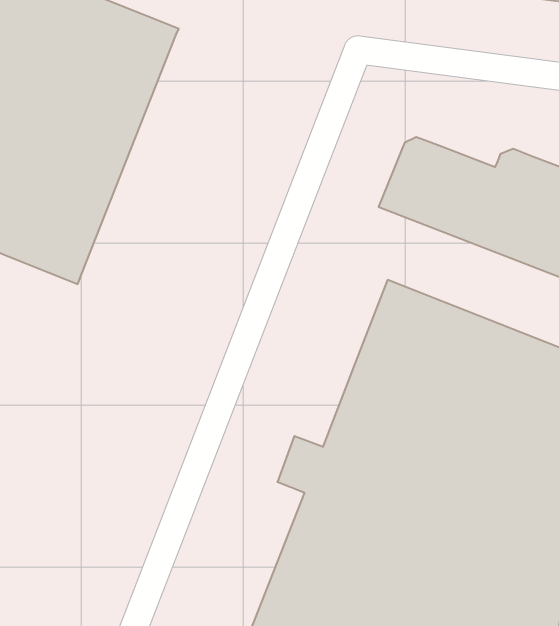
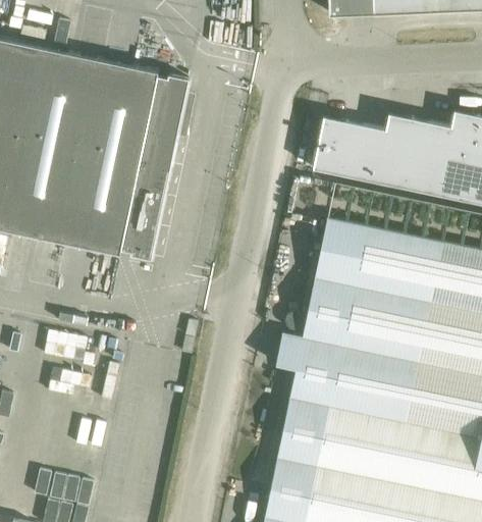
building: none -> [121,75,191,261]

